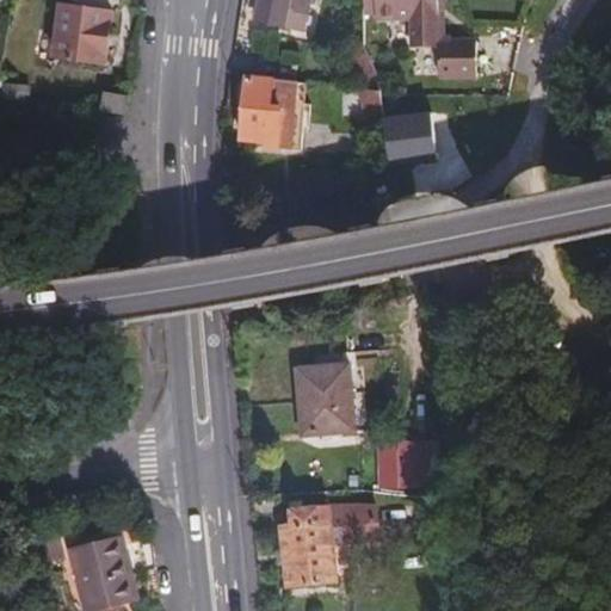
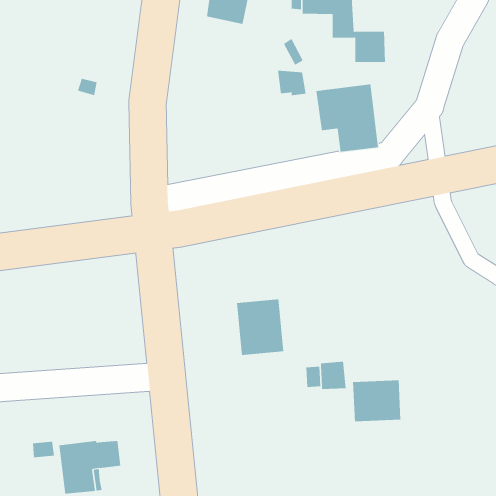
building: [51,5,111,66] -> none
building: [241,78,295,142] -> none
building: none -> [353,379,401,422]
building: [279,505,378,585] -> none

